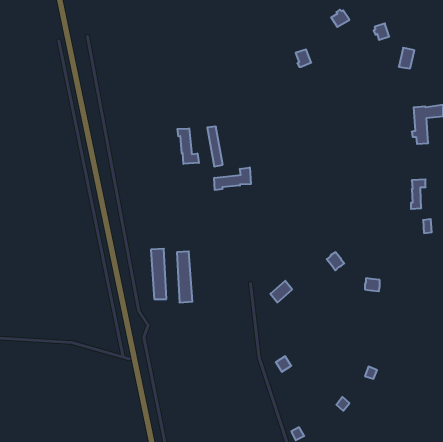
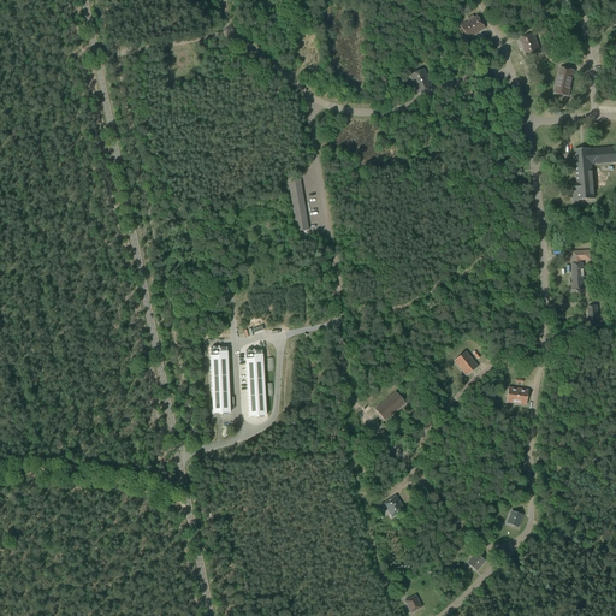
building: [177,128,199,164] -> none
building: [214,167,251,190] -> none

